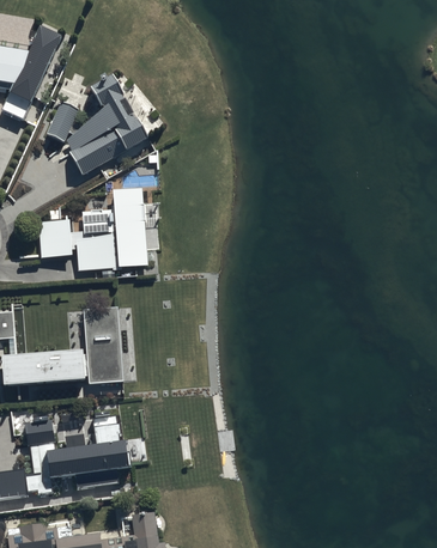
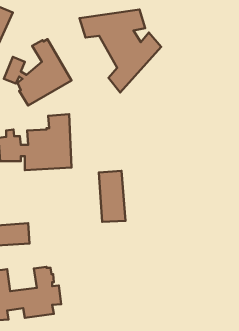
building: none -> [79,10,161,92]
building: [84,309,123,384] -> [99,171,125,222]

